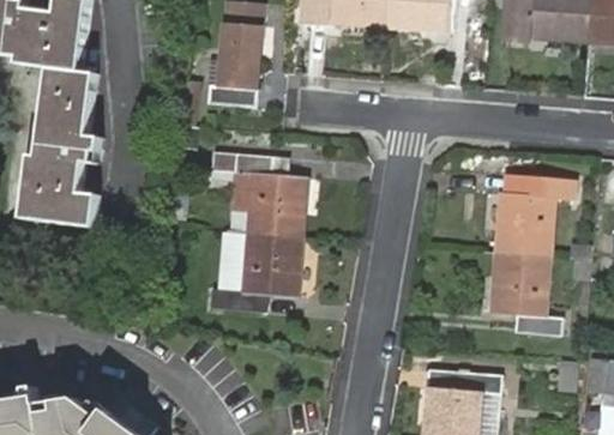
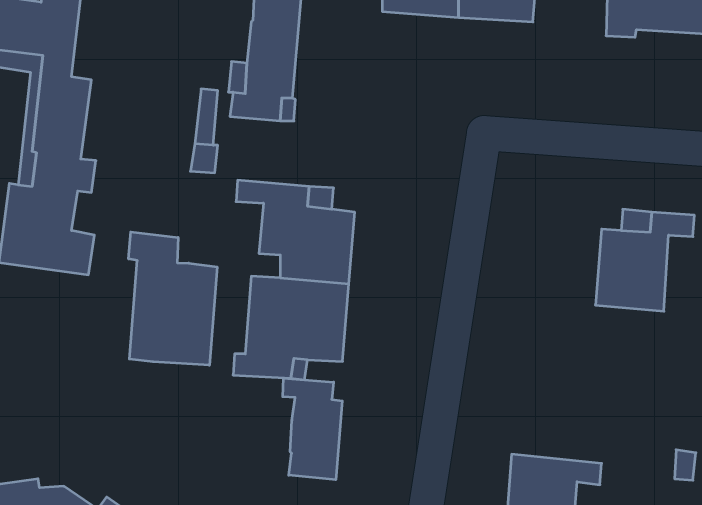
building: none -> [129,232,217,365]
building: [490,253,560,337] -> none
building: none -> [283,378,342,480]

